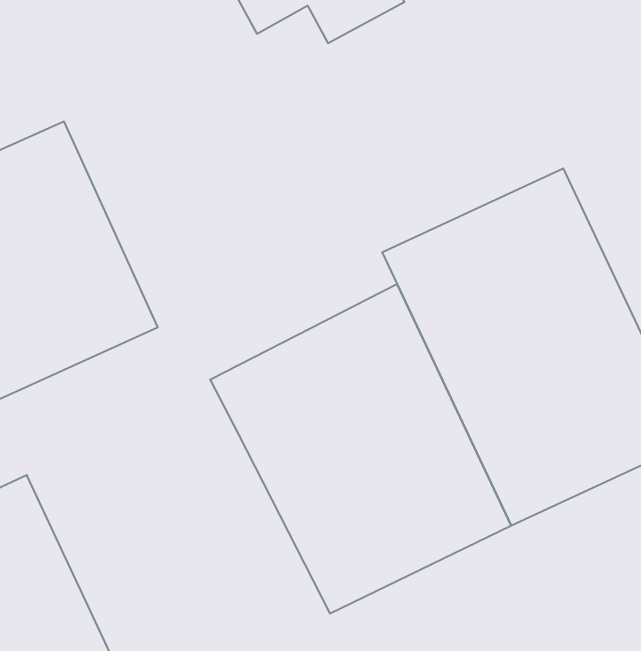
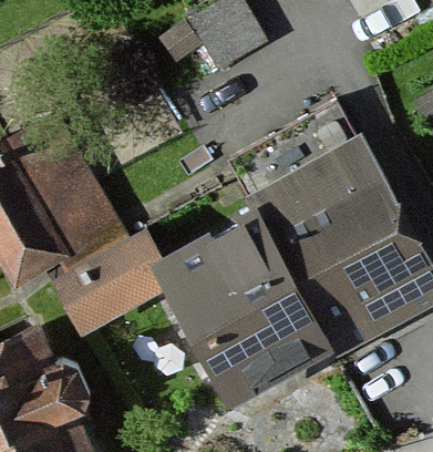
building: none -> [53,240,166,340]

